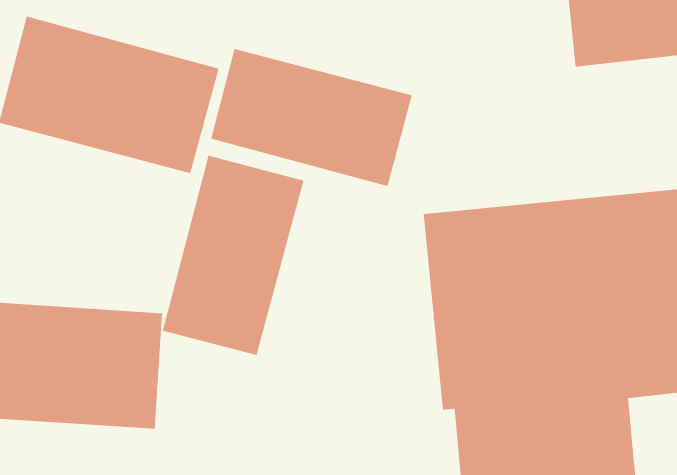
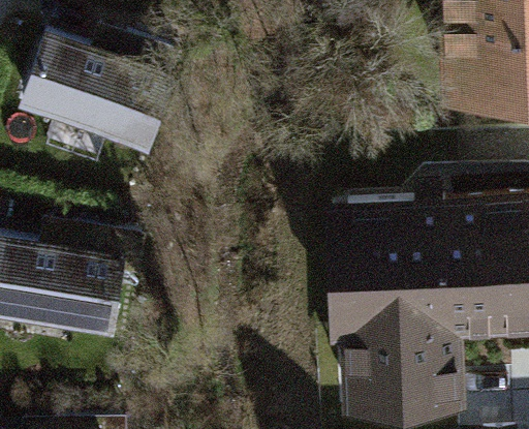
building: [210,48,412,187] -> none
building: [162,155,304,356] -> none

